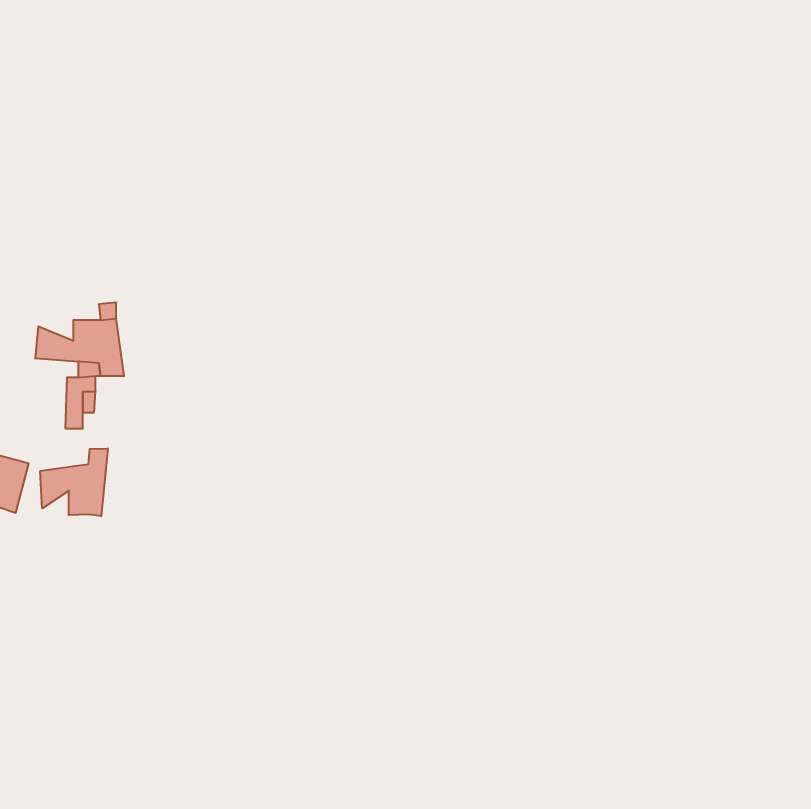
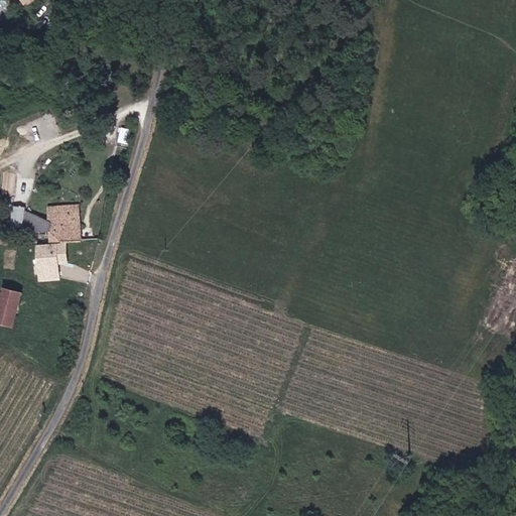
building: [40,448,108,516] -> none

